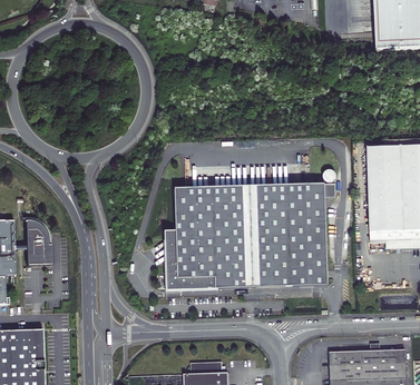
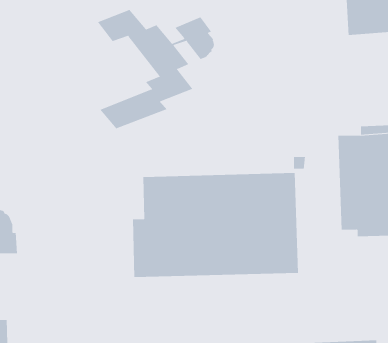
building: none -> [97,9,214,129]

